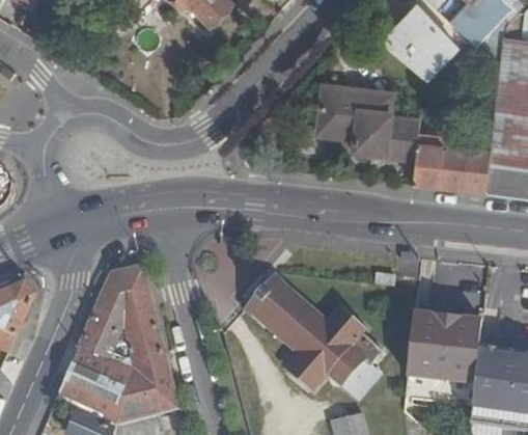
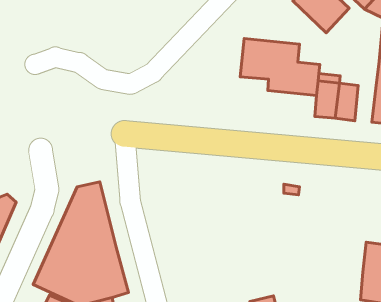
building: [465,144,492,191] -> none
building: [242,273,384,401] -> none
building: [409,312,482,382] -> none

